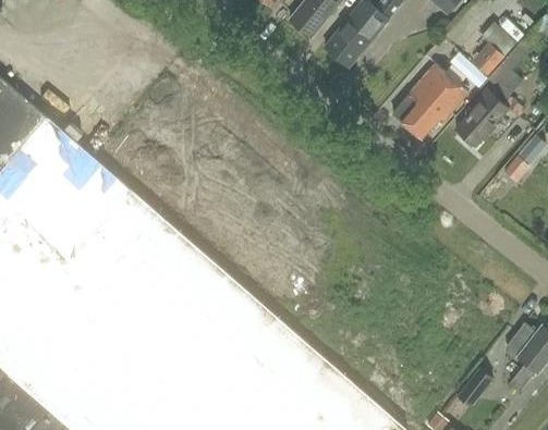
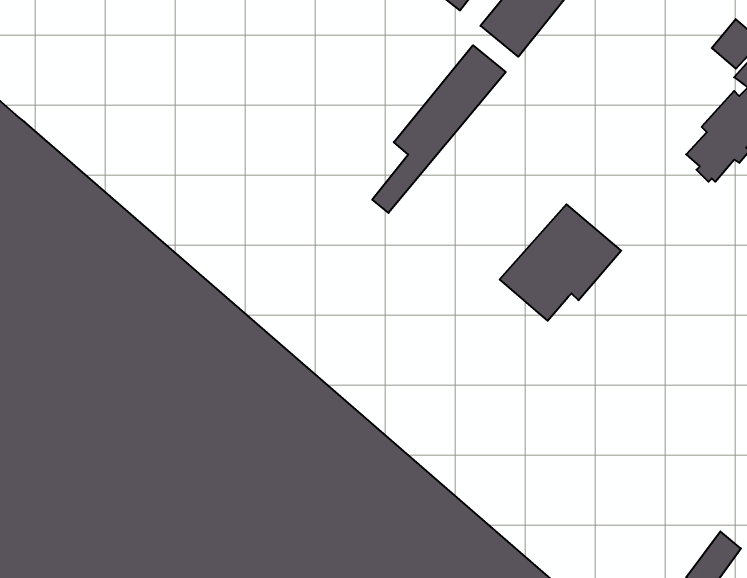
building: none -> [372,45,506,213]
building: [389,63,466,137] -> [500,204,621,321]

